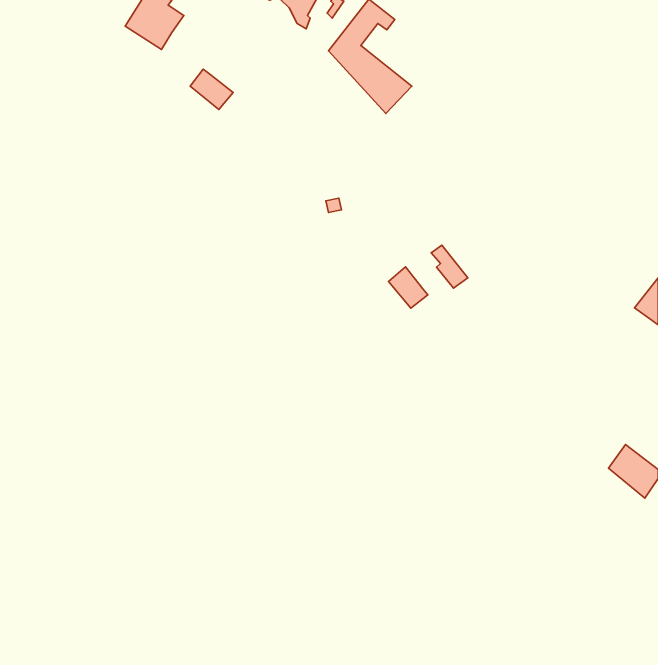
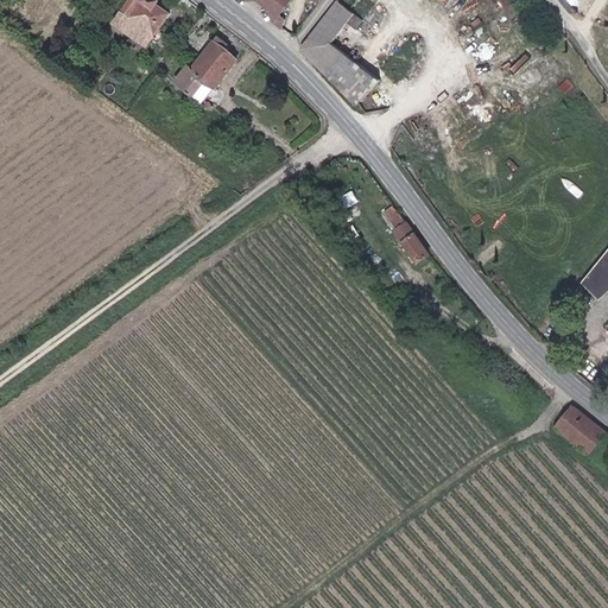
building: none -> [191,36,235,84]
building: [389,267,428,308] -> none

